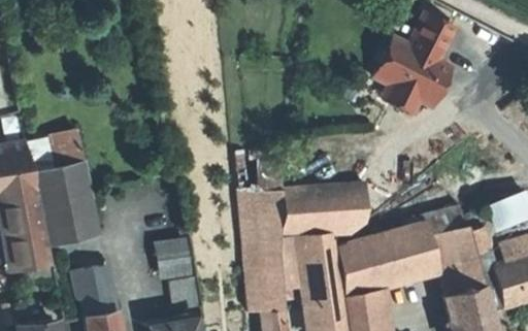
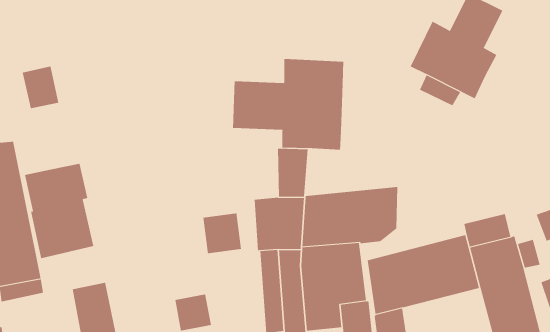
building: none -> [232,58,344,150]
building: [52,129,85,167] -> [22,66,59,109]
building: [157,240,192,276] -> [202,213,242,254]

